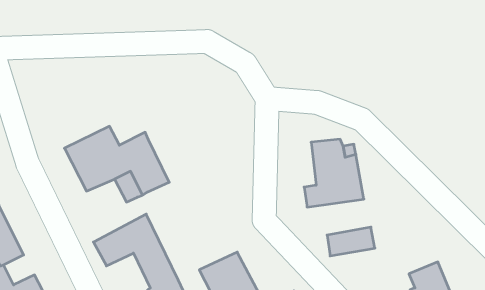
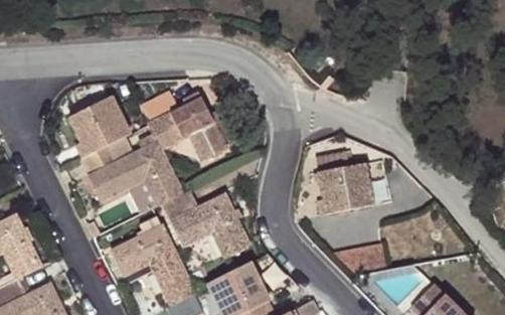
building: none -> [146,89,230,162]
building: none -> [63,95,127,158]
building: none -> [161,188,251,258]

